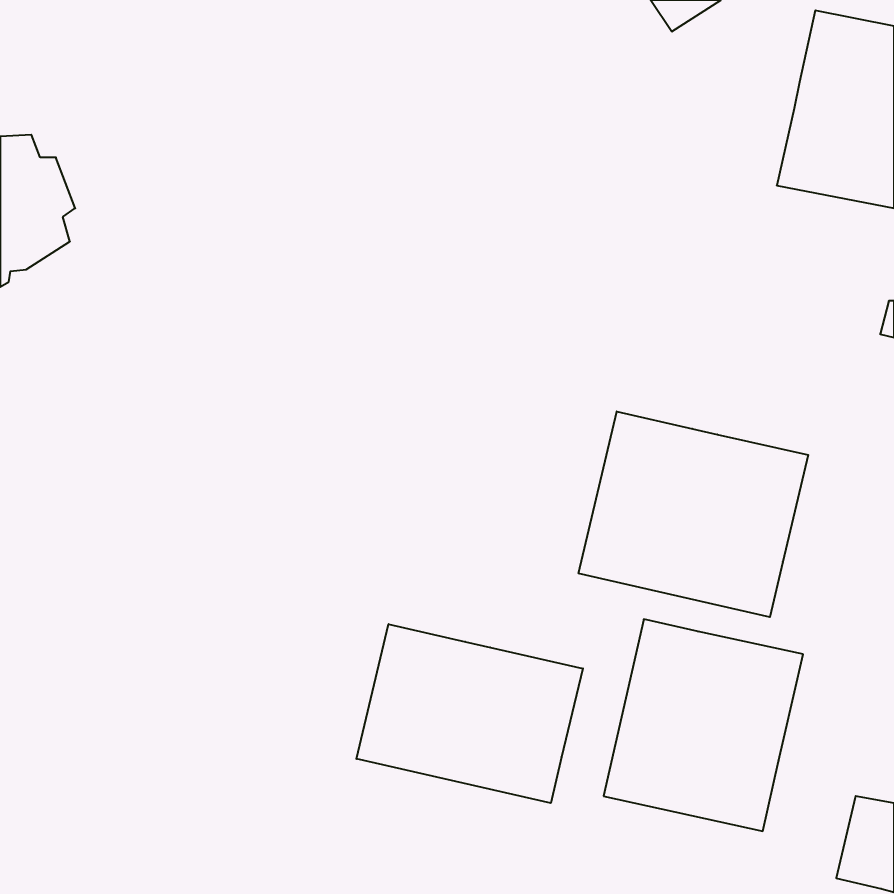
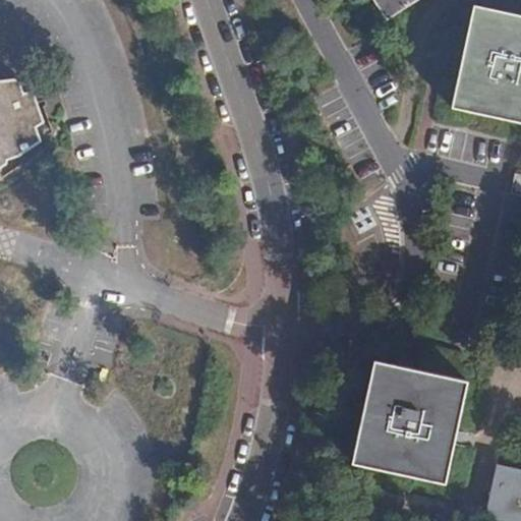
building: [579,411,808,617] -> none
building: [356,624,583,803] -> none

